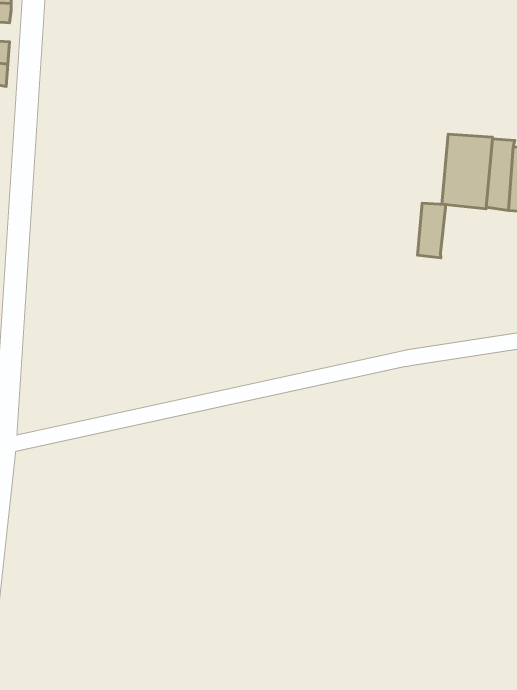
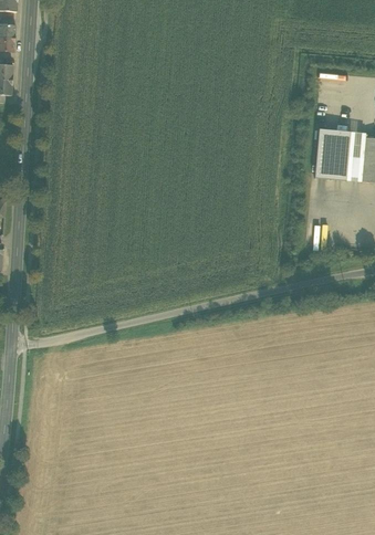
building: [418,203,446,258] -> none

